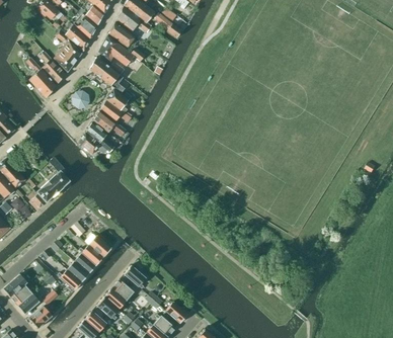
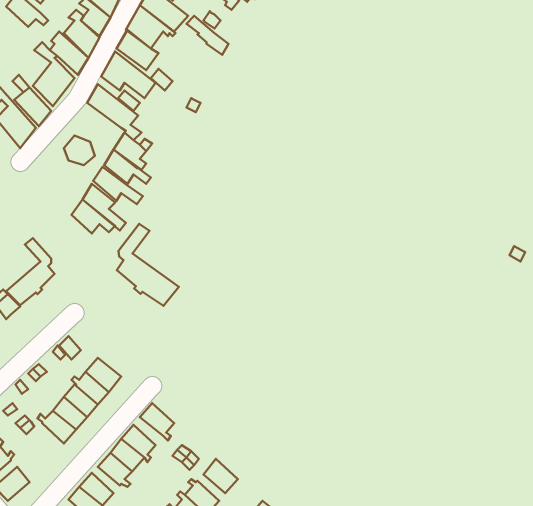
building: none -> [117,224,179,306]

